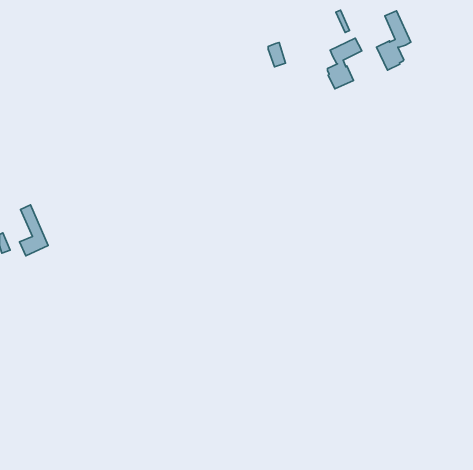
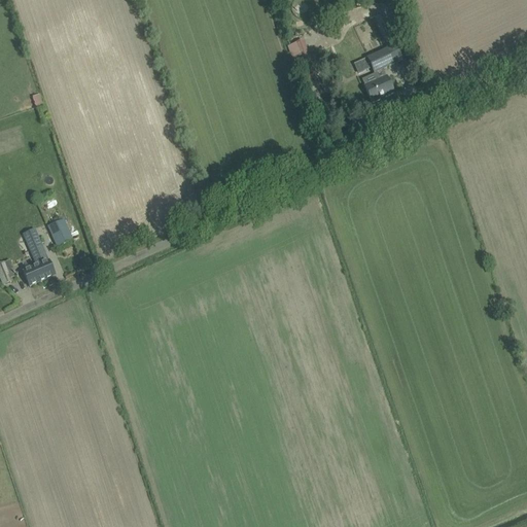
building: [377,11,411,70] -> none
building: none -> [47,216,72,244]

